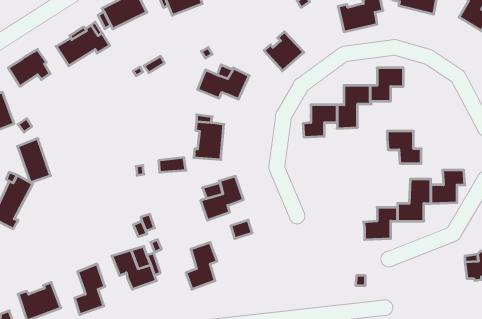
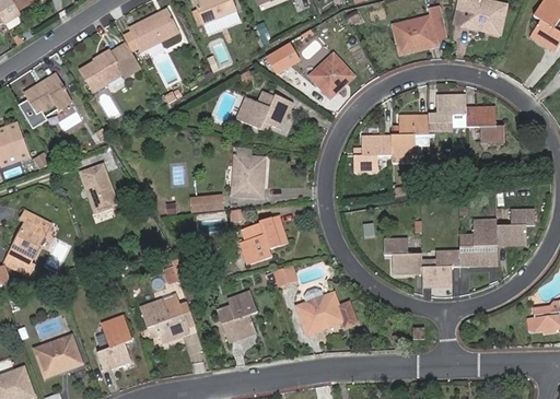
building: none -> [269,39,306,73]
building: [387,131,421,163] -> [466,106,504,142]
building: [17,139,51,182] -> [80,163,117,212]
building: none -> [384,237,422,274]
building: none -> [295,286,354,333]

